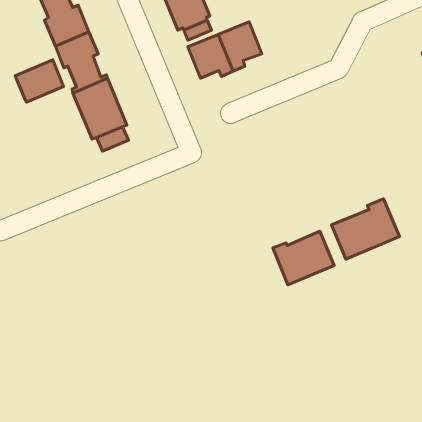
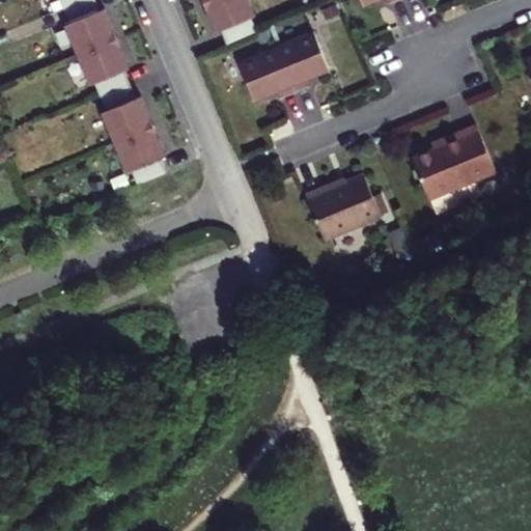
building: [15,60,63,102] -> none
building: [331,199,399,259] -> [409,125,493,200]
building: [273,231,334,285] -> [304,175,380,242]

